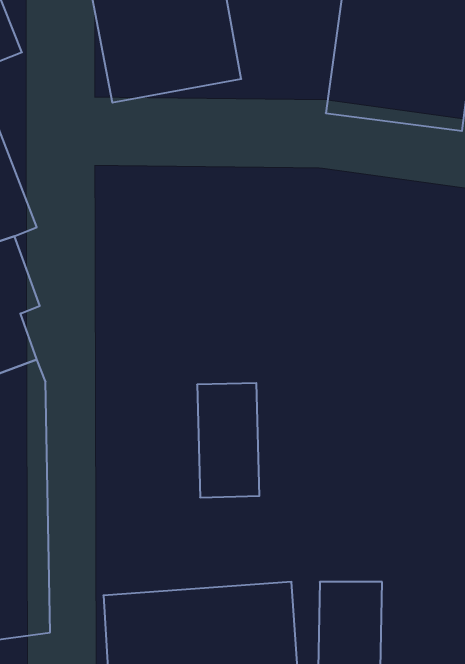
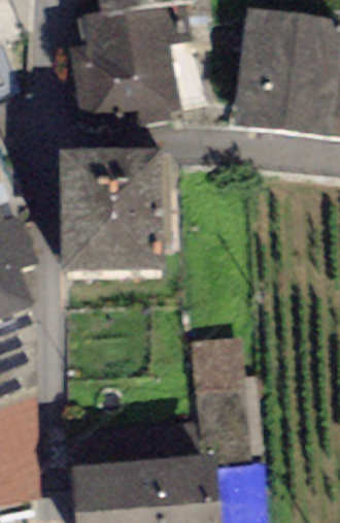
building: none -> [64,159,161,269]
building: [197,383,259,497] -> [204,329,247,408]

